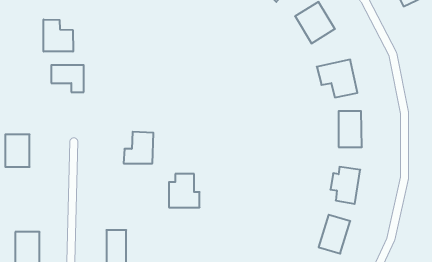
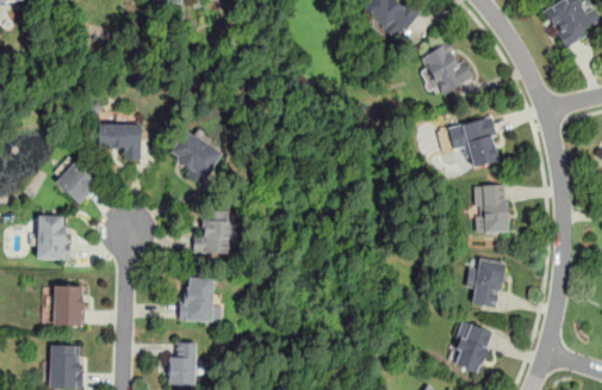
building: [44,19,73,52] -> none
building: none -> [165,129,223,182]
building: none -> [50,157,97,204]
building: [169,174,200,207] -> [179,278,219,322]
building: none -> [52,285,82,326]

